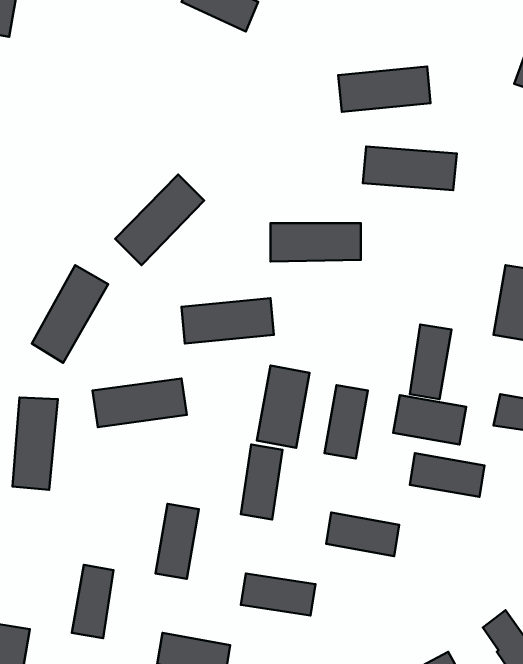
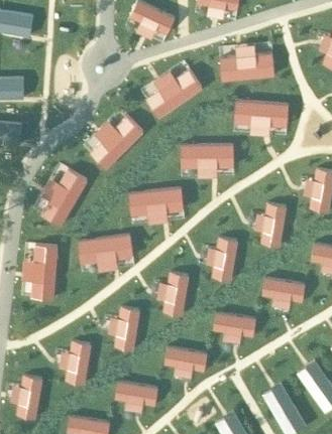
building: none -> [146,70,201,118]
building: [257,365,310,448] -> none
building: [393,395,466,444] -> none

